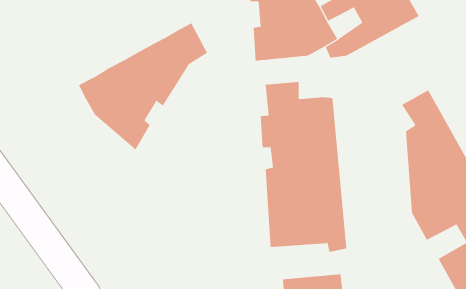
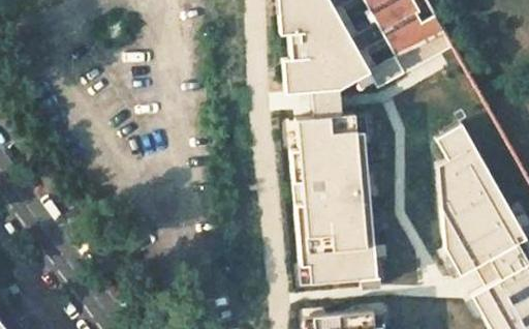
building: [78,23,208,151] -> none

